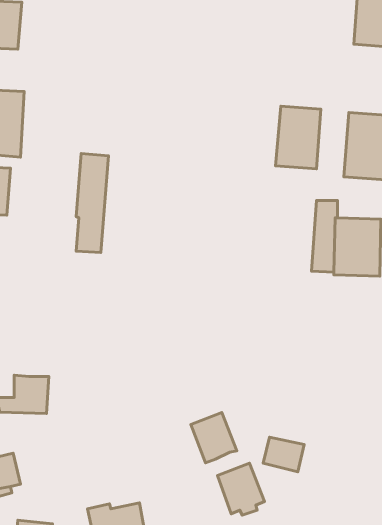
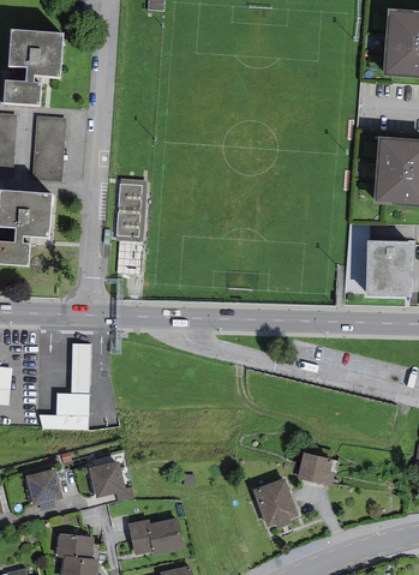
building: [276,106,321,169] -> none
building: none -> [71,343,91,394]
building: [191,412,237,463] -> none
building: none -> [89,460,134,501]

